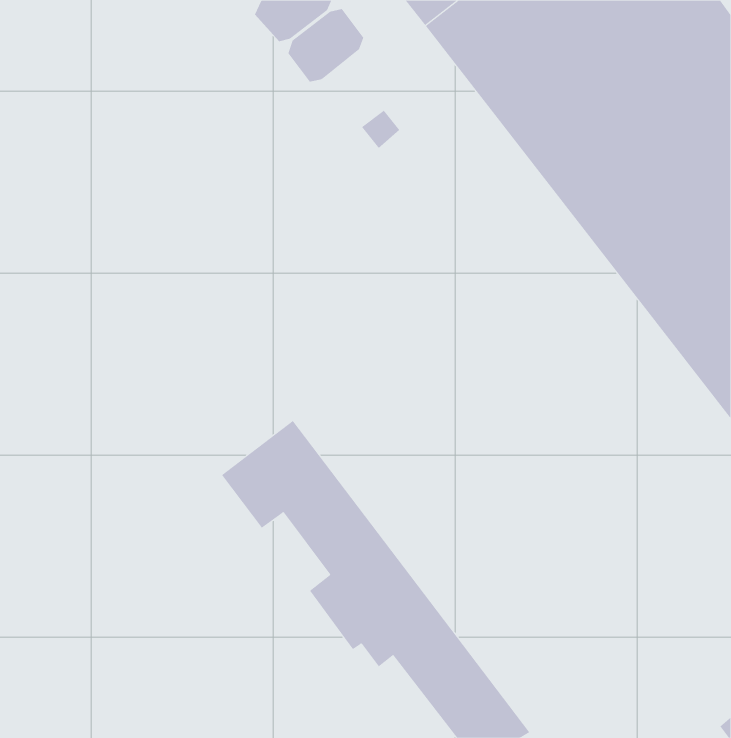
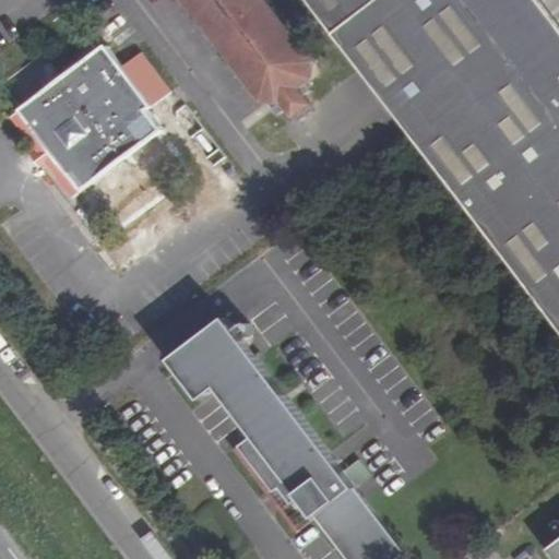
building: none -> [240,37,300,92]
building: none -> [8,48,167,198]

